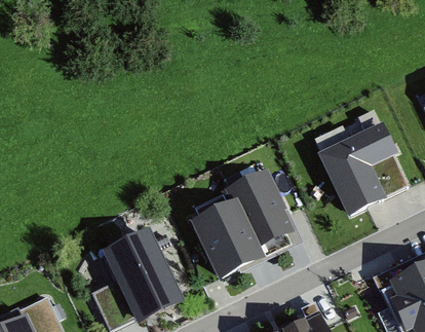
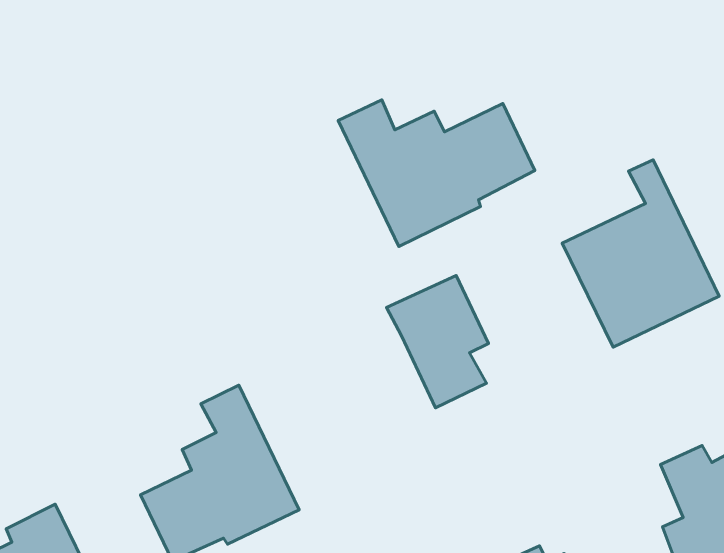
building: none -> [338,100,535,246]
building: [195,205,257,272] -> none

